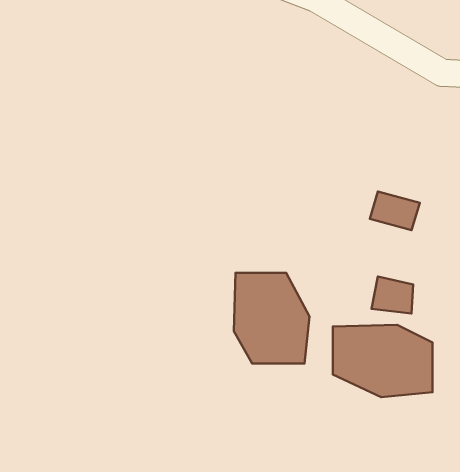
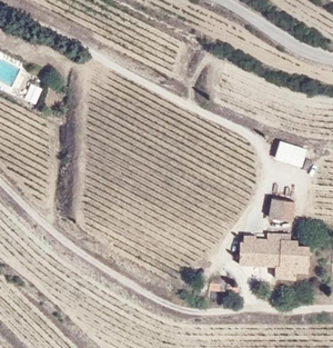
building: [234,273,310,363] -> none

